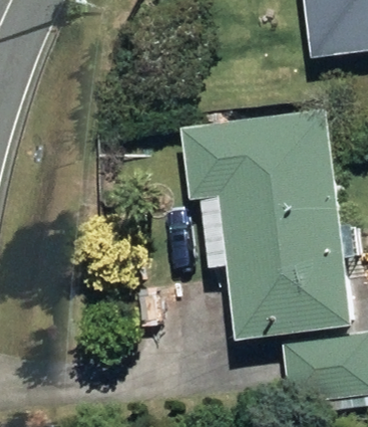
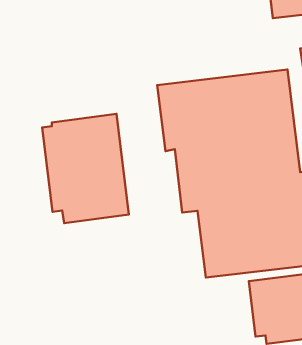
building: none -> [42,114,129,223]

